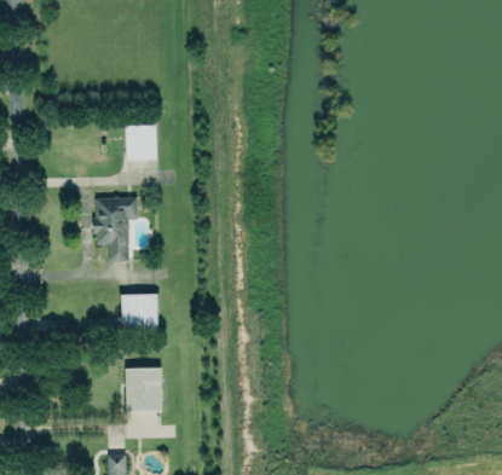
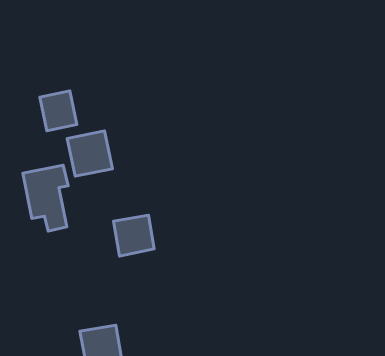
building: none -> [67,131,112,176]
building: [121,294,157,330] -> [113,215,154,256]

